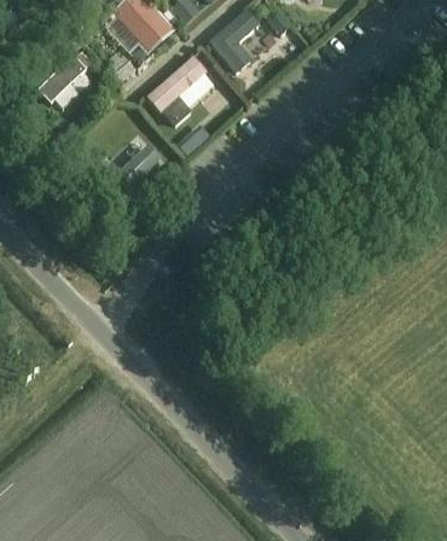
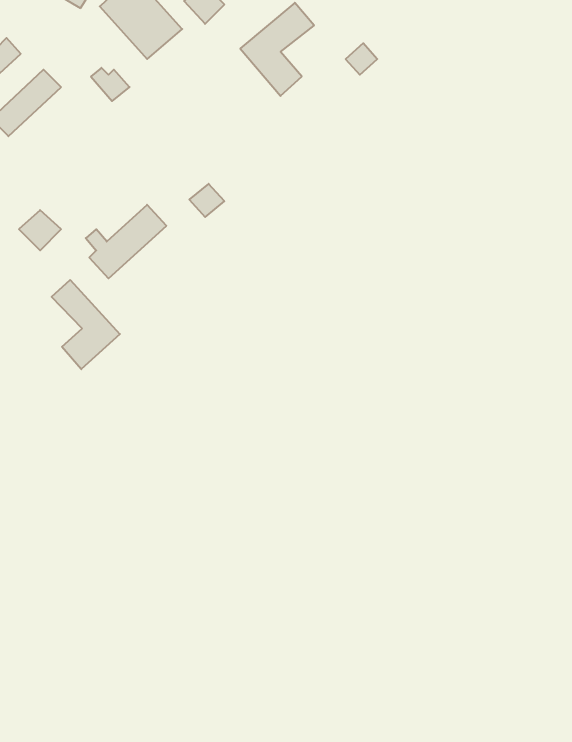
building: [146,57,205,126] -> none
building: none -> [52,280,120,369]

